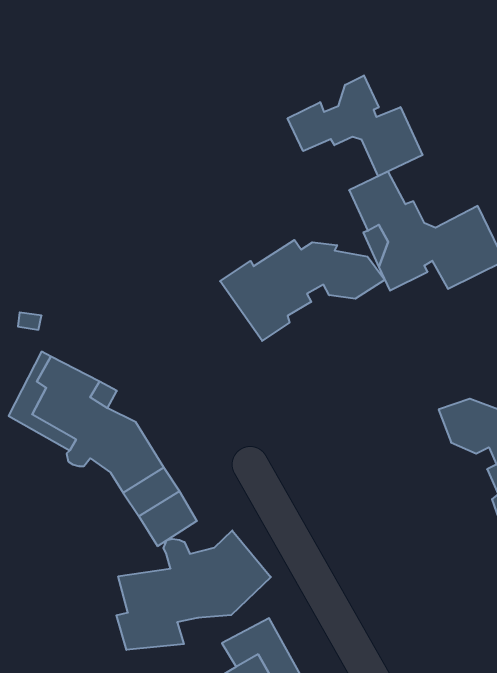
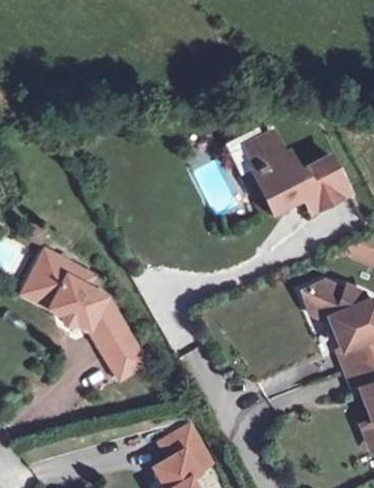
building: [288,75,423,176] -> none
building: [220,240,385,341] -> none
building: [116,530,271,650] -> none

